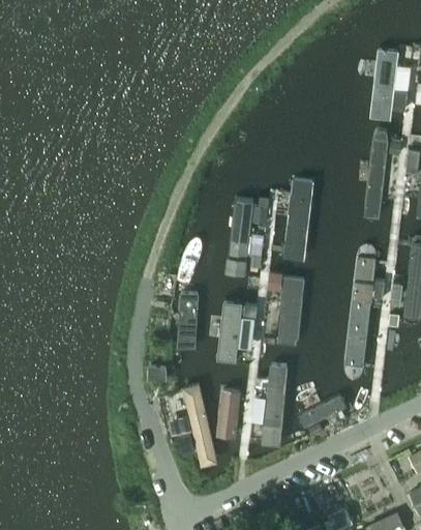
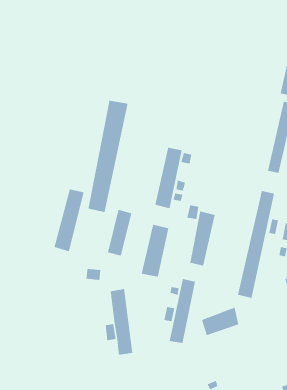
building: none -> [88,100,128,213]
building: [282,177,315,264] -> none
building: none -> [54,189,84,252]
building: [218,388,243,441] -> none

